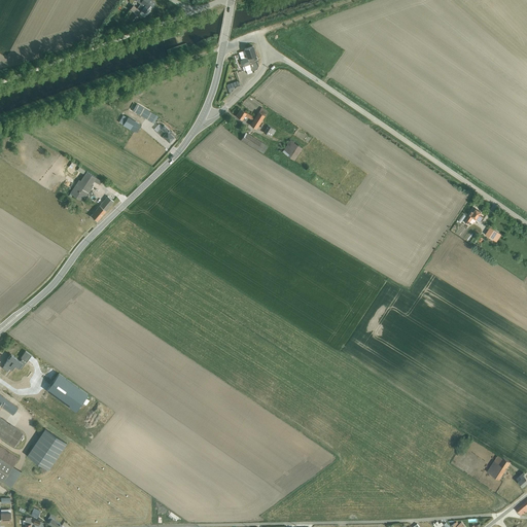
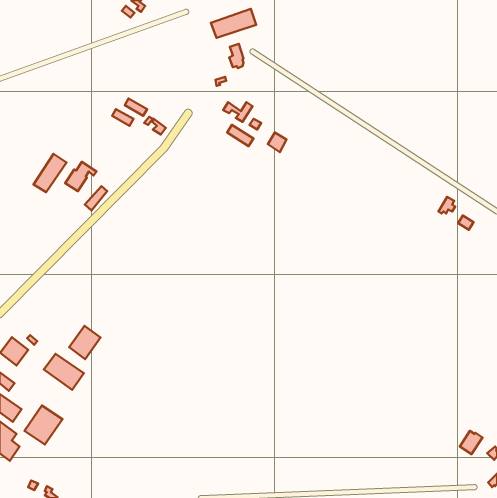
building: none -> [211,9,256,38]
building: none -> [34,154,66,192]
building: none -> [69,326,100,359]

